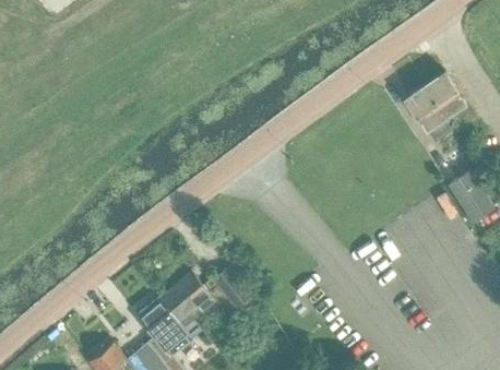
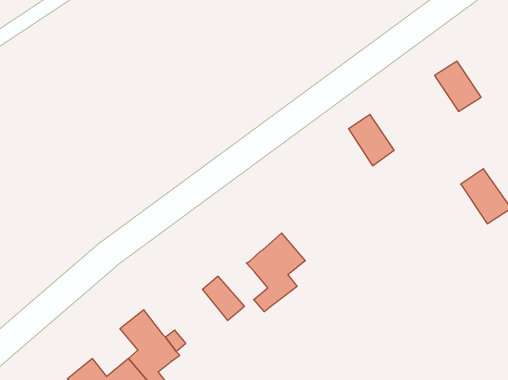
building: [405,86,447,133] -> [349,114,394,166]
building: none -> [246,233,305,312]
building: [159,275,213,323] -> none

